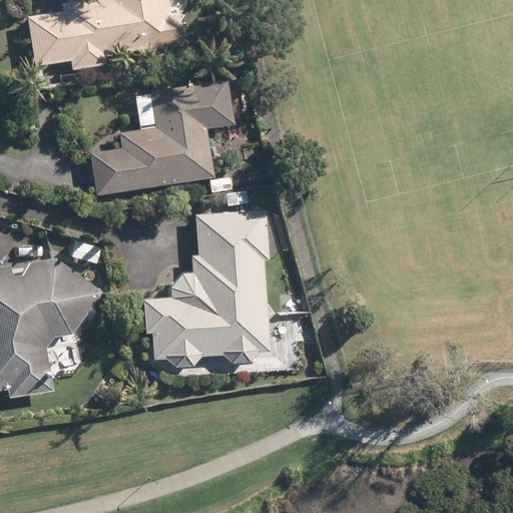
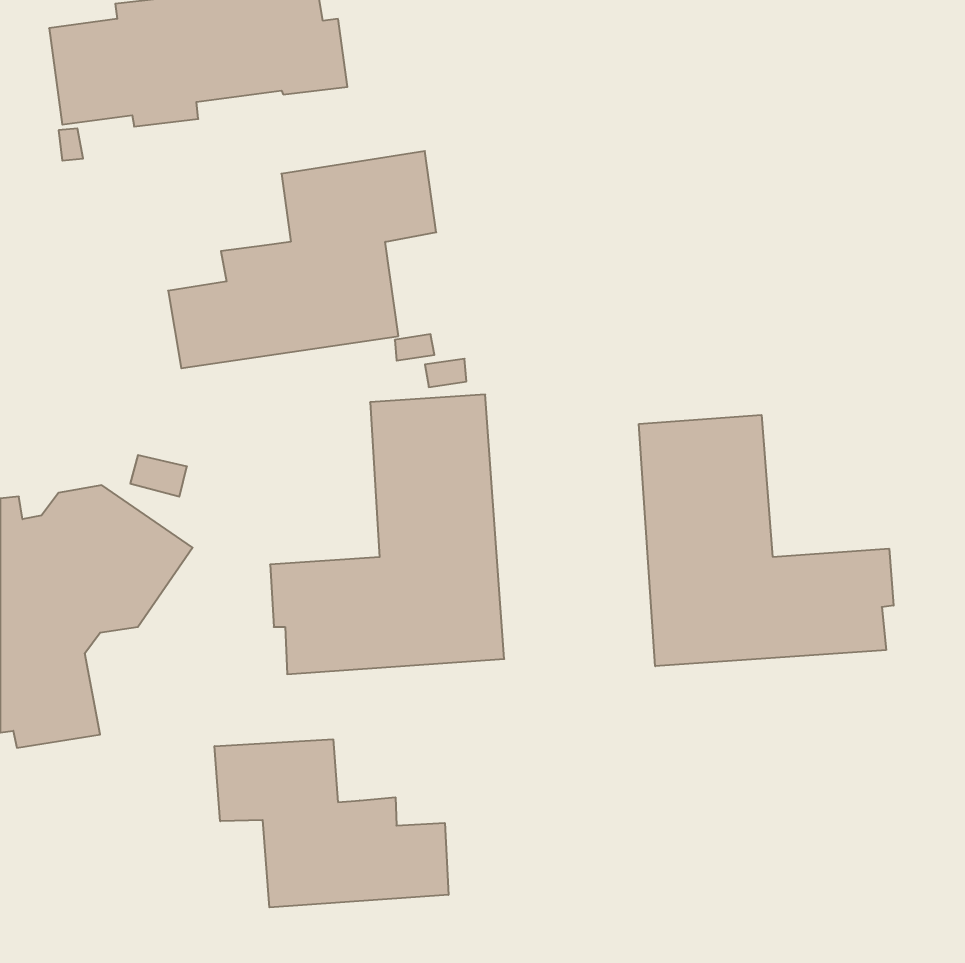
building: none -> [639,415,894,666]
building: none -> [215,739,448,907]

